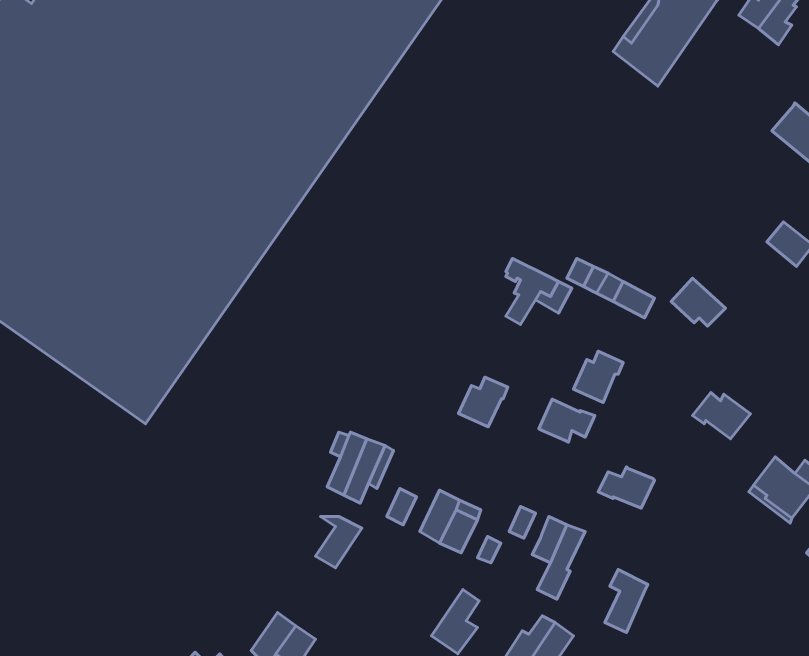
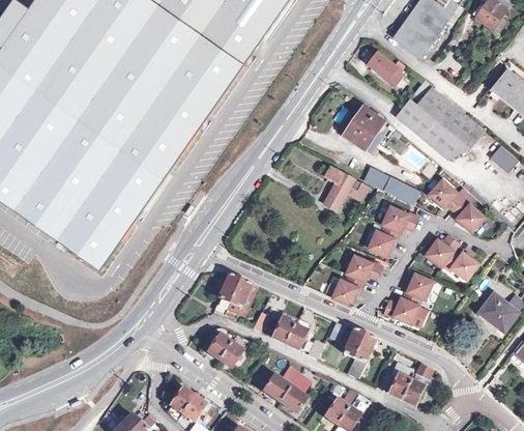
building: none -> [368,52,405,85]
building: none -> [396,80,484,157]
building: none -> [345,107,384,149]
building: none -> [452,198,485,232]
building: none -> [382,206,417,232]
building: none -> [426,235,459,267]
building: [458,377,508,427] -> [331,275,362,306]
building: none -> [402,274,433,305]
building: none -> [219,336,250,369]
building: none -> [401,364,430,407]
building: none -> [262,368,298,403]

